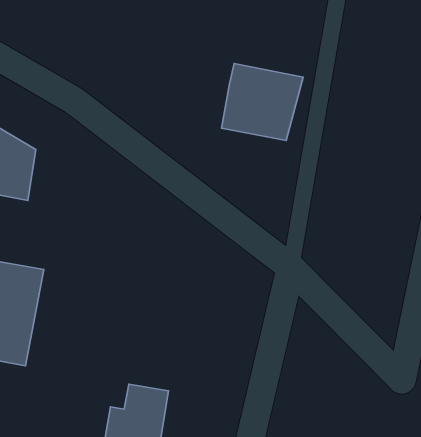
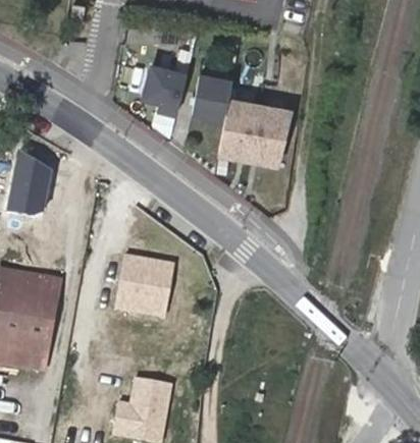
building: none -> [145,60,188,107]
building: none -> [194,68,232,112]
building: none -> [111,258,173,321]

